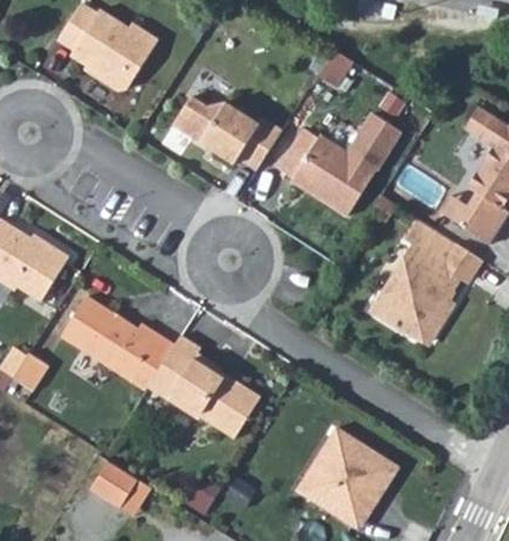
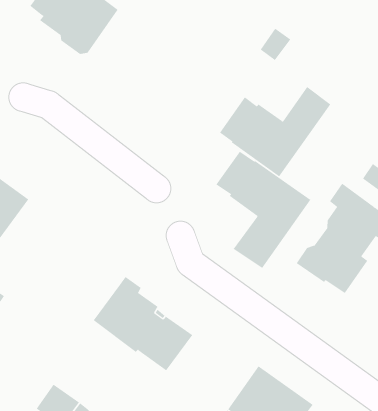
building: [173,96,282,170] -> none
building: none -> [216,151,311,269]
building: [62,295,176,390] -> none

